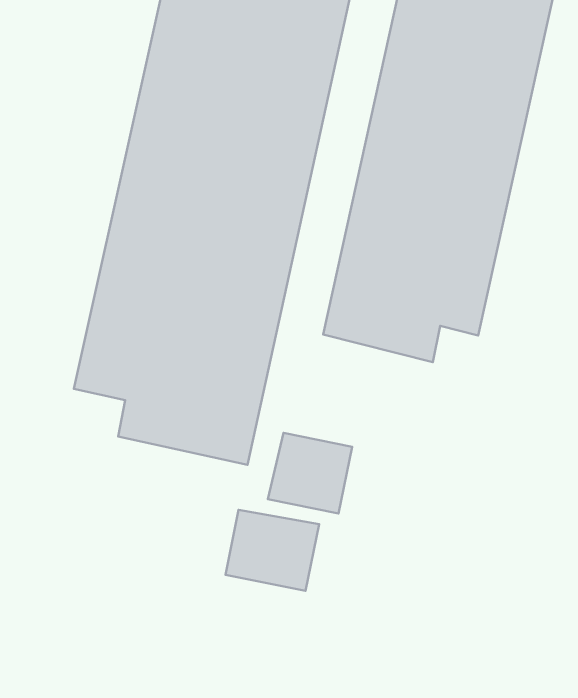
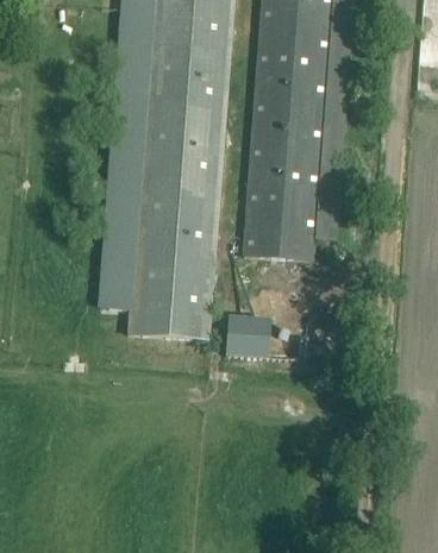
building: [226,510,319,591] -> none

